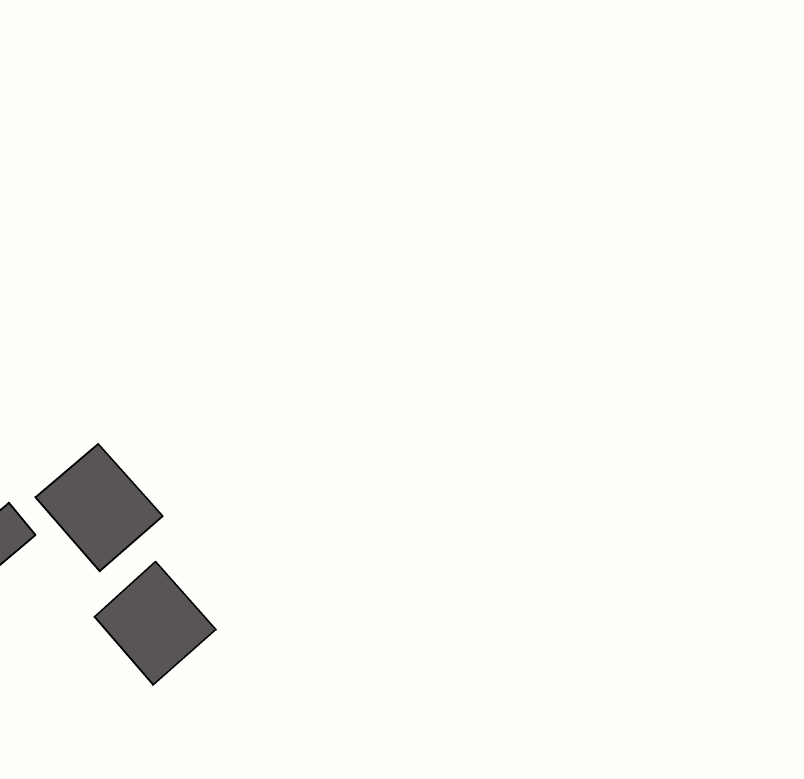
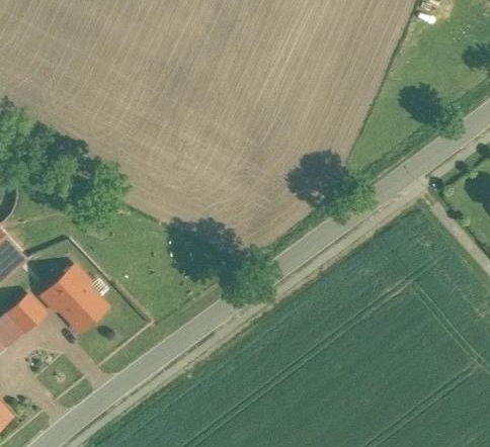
building: [94,562,216,685] -> none

